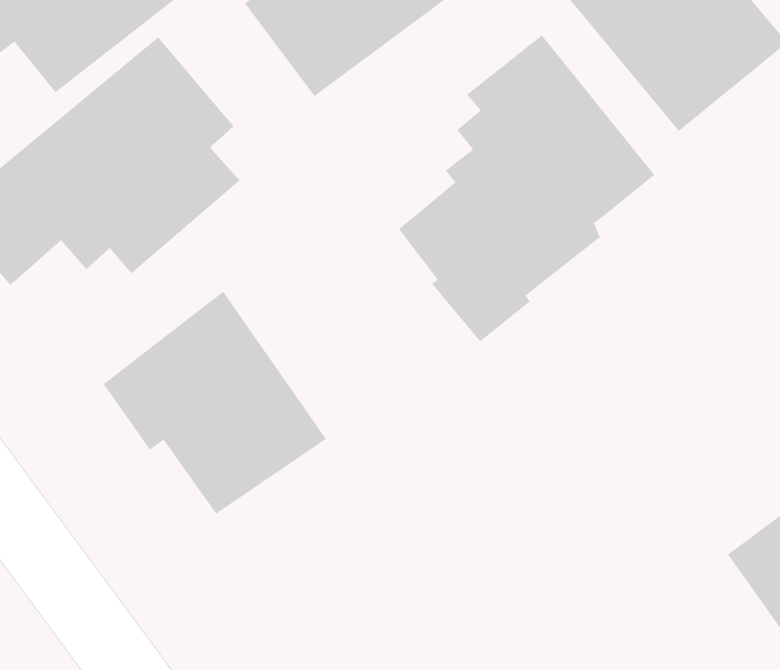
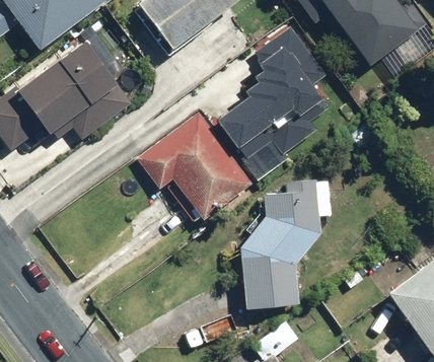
building: [103,291,327,515] -> [138,108,255,225]
building: none -> [237,179,334,310]

